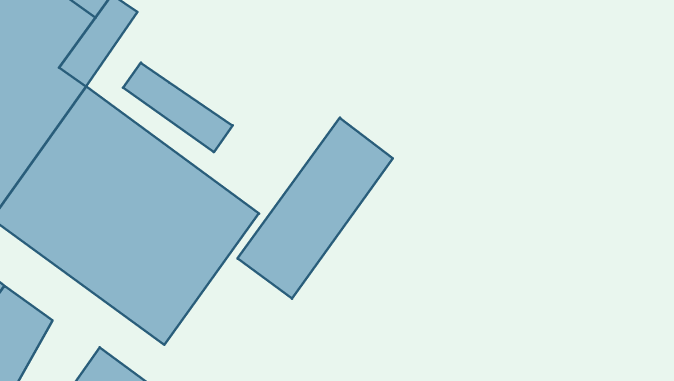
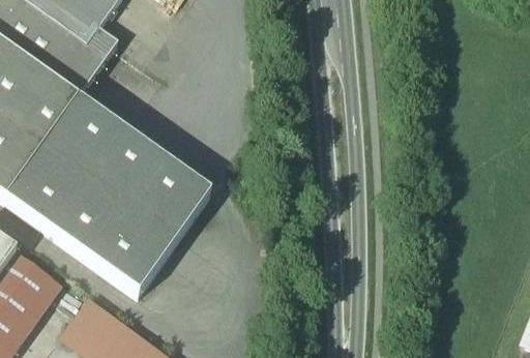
building: [123,63,233,152] -> none
building: [238,118,393,299] -> none

